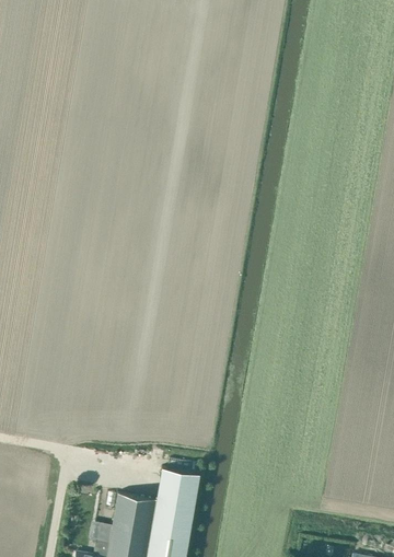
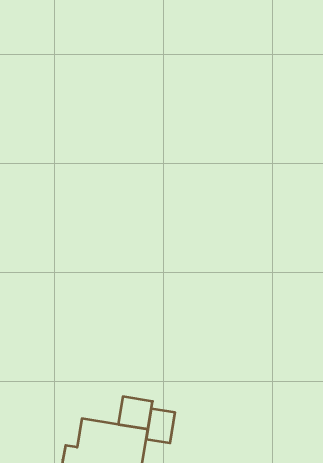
building: none -> [147,408,175,443]

